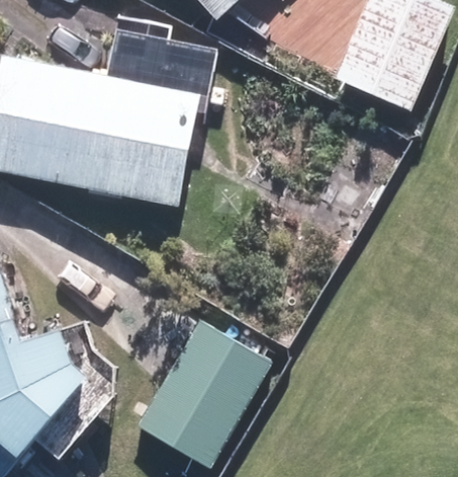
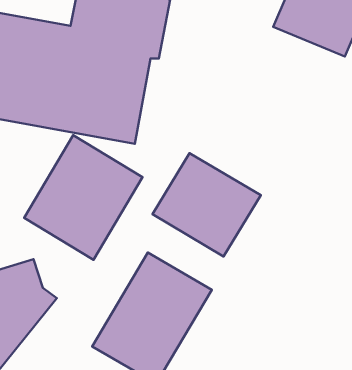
building: none -> [24,135,142,260]
building: none -> [153,153,261,256]

